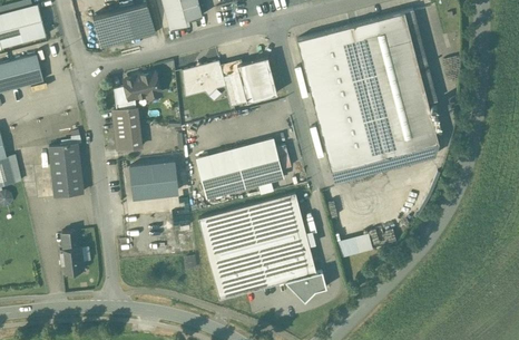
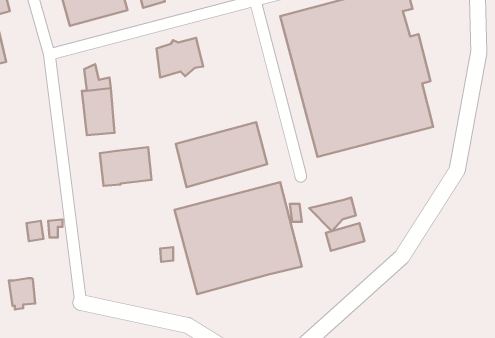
building: [219,57,277,106] -> none
building: [123,70,161,99] -> none
building: [48,140,82,196] -> none
building: [59,246,84,275] -> [9,278,35,309]
building: [284,270,327,301] -> [309,197,356,231]

